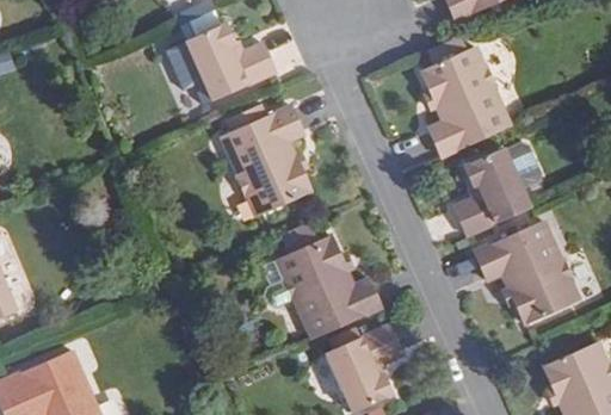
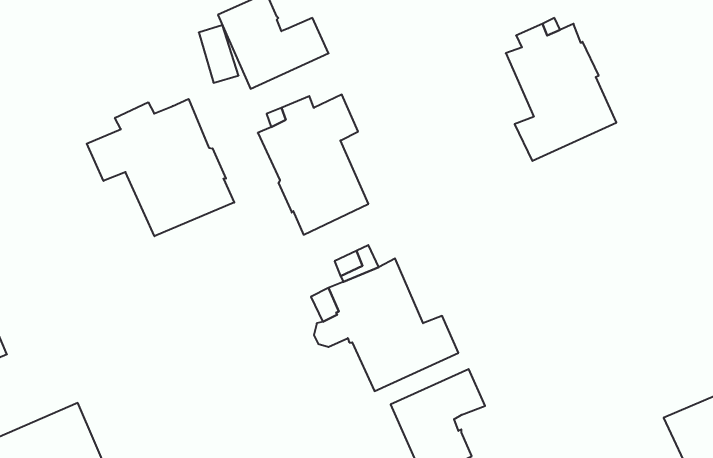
building: none -> [87,99,234,236]
building: [455,150,531,239] -> none
building: [475,222,581,328] -> none

